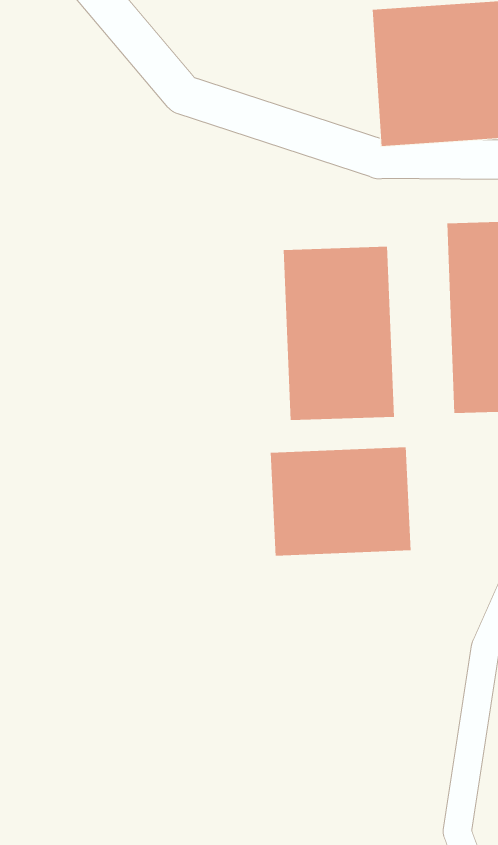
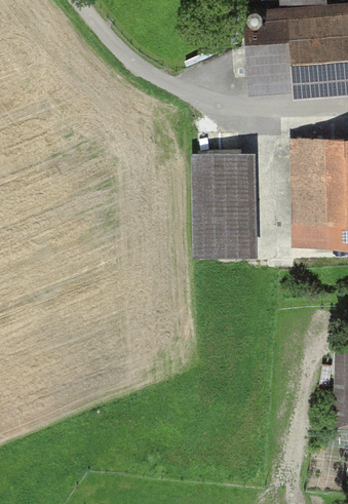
building: [270,447,411,556] -> none

